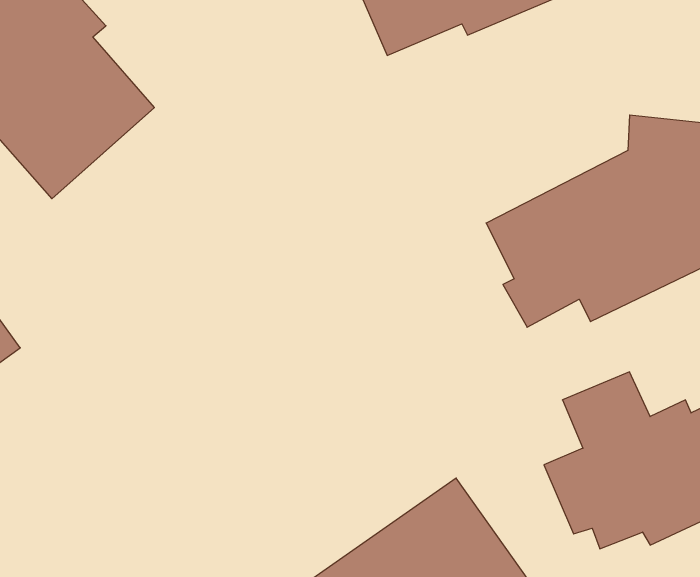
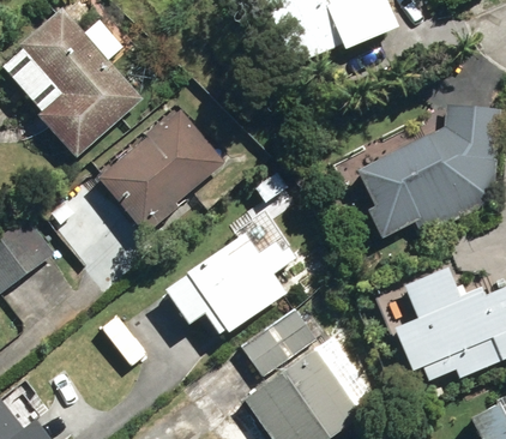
building: none -> [98,110,224,229]
building: none -> [162,233,297,336]
building: none -> [243,308,319,375]

